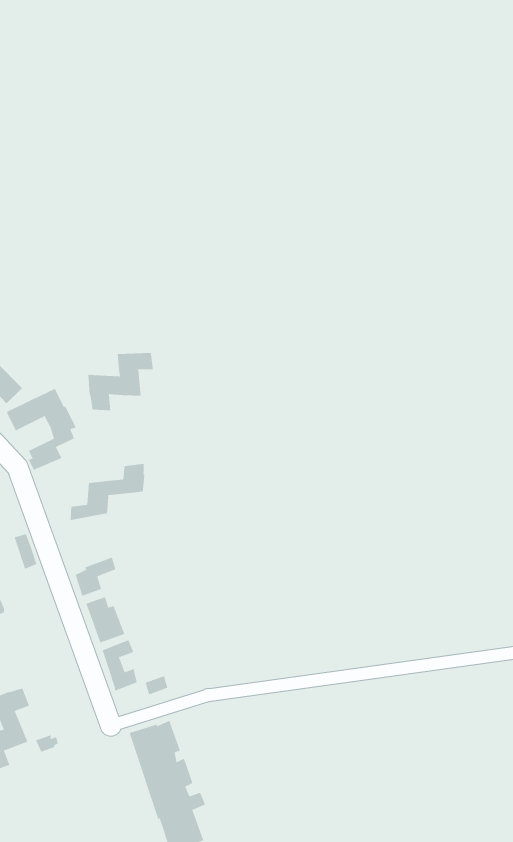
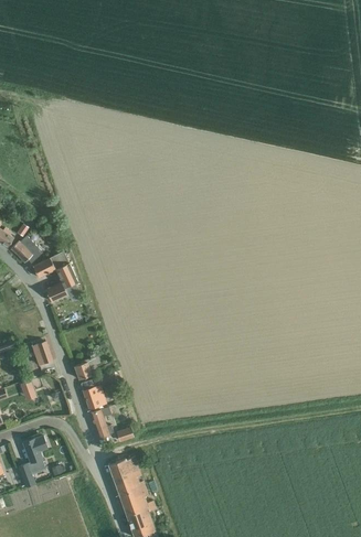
building: [88,352,153,411] -> none
building: [70,463,145,521] -> none

